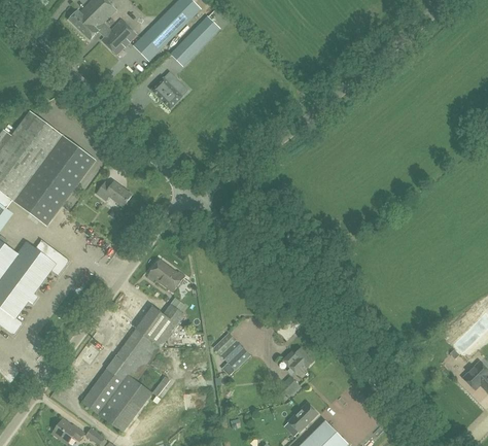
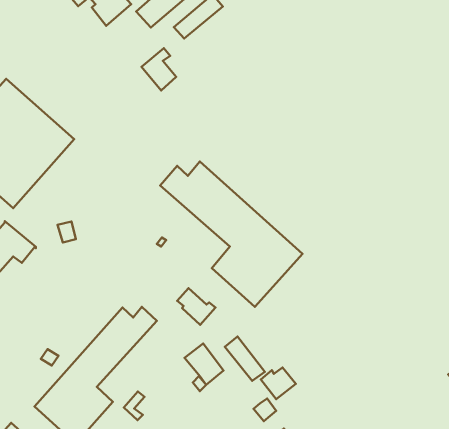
building: none -> [160,161,302,307]
building: [96,180,132,206] -> none
building: [149,260,184,291] -> [177,288,216,325]
building: none -> [225,337,265,381]

